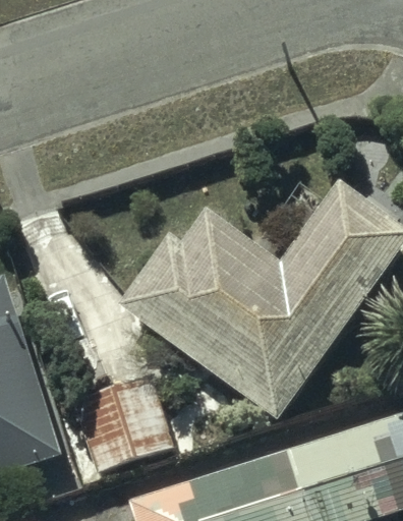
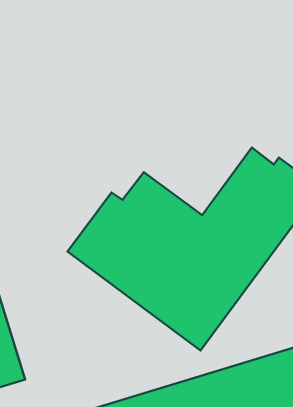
building: [74,380,172,471] -> none

